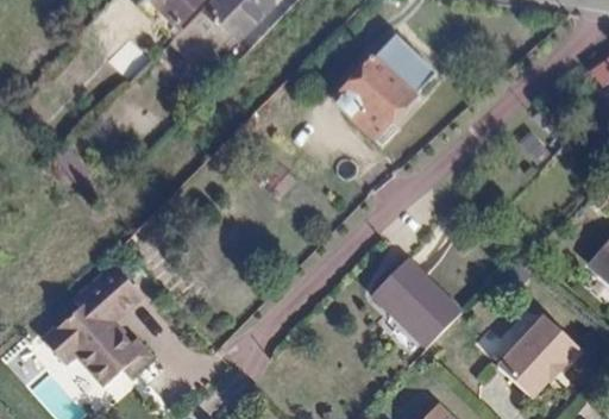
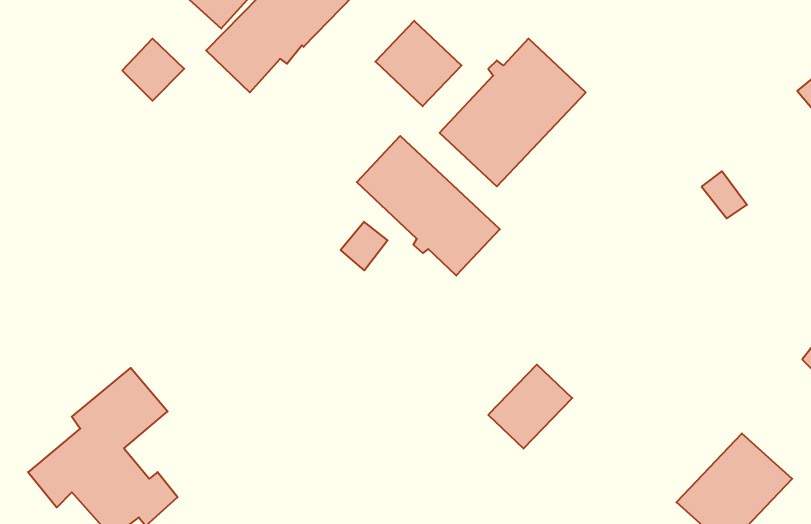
building: none -> [375,21,462,106]
building: none -> [357,136,500,276]
building: [395,287,457,350] -> none

